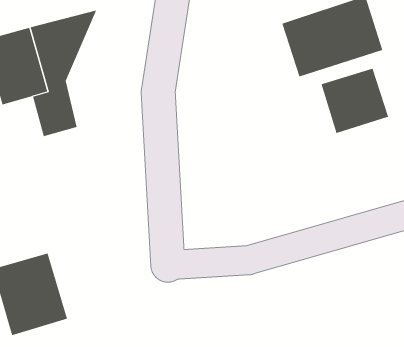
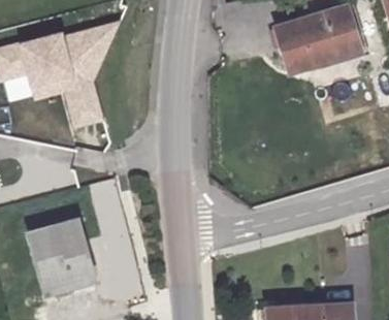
building: [321,68,389,134] -> none

